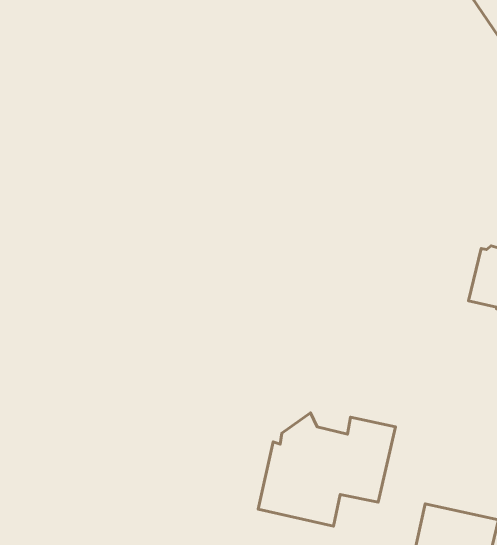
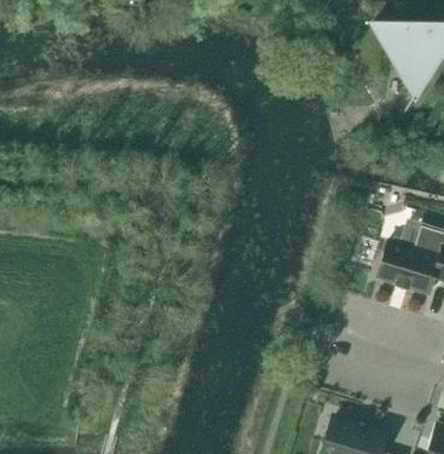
building: [258,413,395,526] -> none

